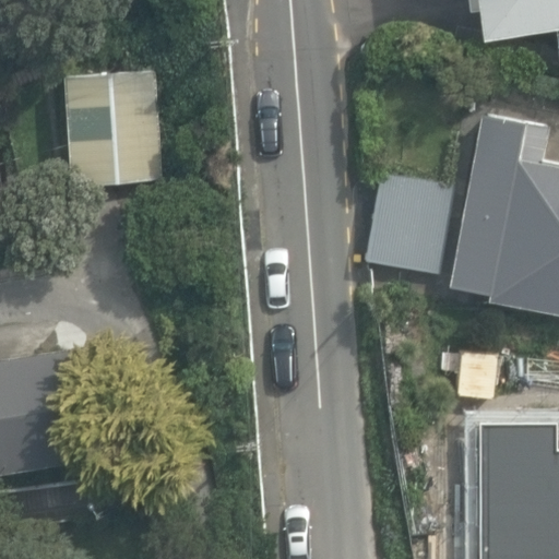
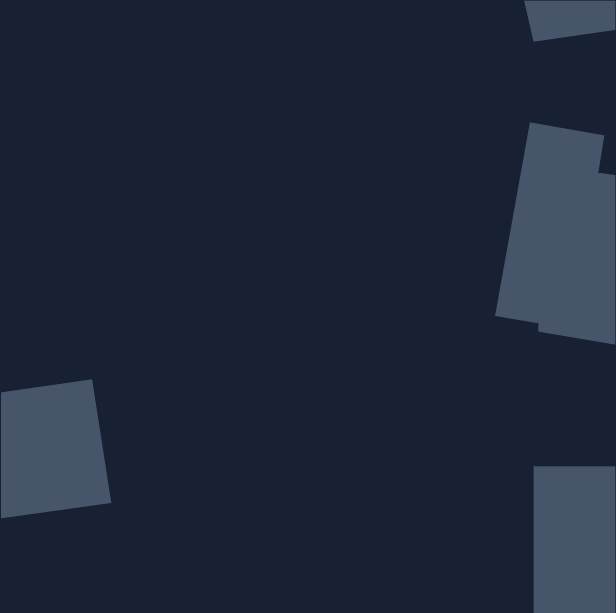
building: [68,72,163,183] -> none
building: [365,173,457,277] -> none

